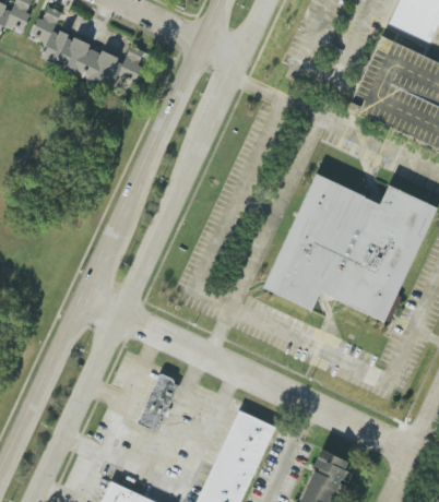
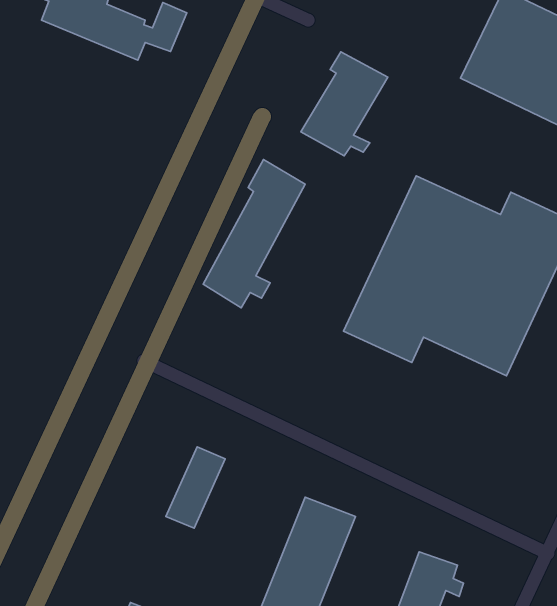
building: none -> [301,52,388,156]
building: none -> [203,159,305,308]

